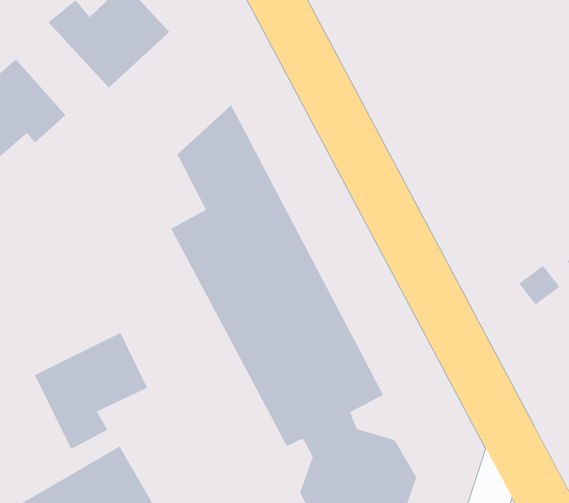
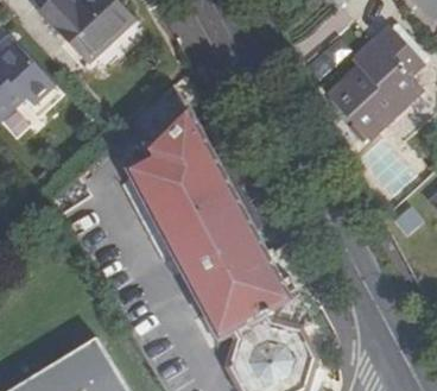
building: none -> [329,23,424,137]
building: [34,332,148,450] -> none

